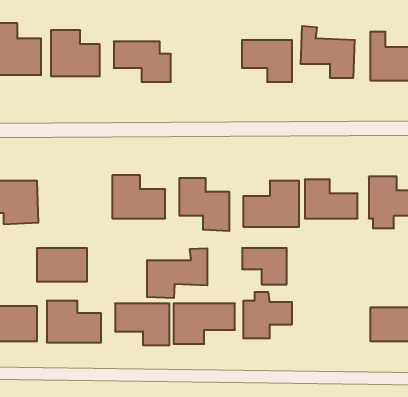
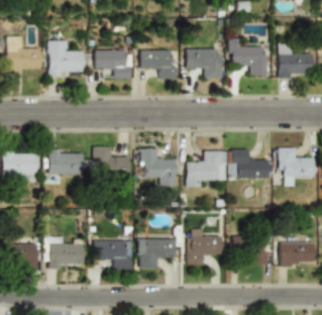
building: none -> [139,49,176,80]
building: [242,248,287,284] -> [235,238,267,265]
building: [37,248,87,282] -> [47,149,84,174]
building: [147,248,207,298] -> none

